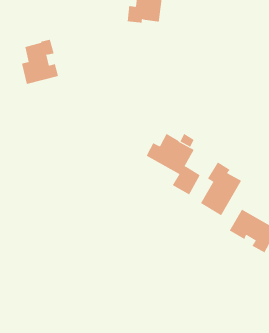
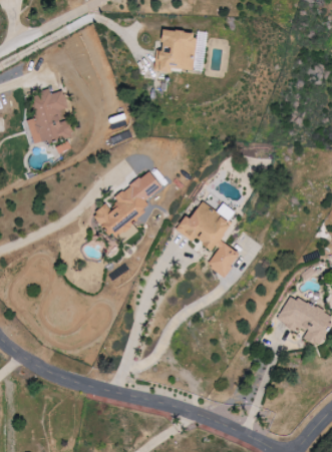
building: none -> [92,170,163,243]
building: [200,161,242,216] -> none

